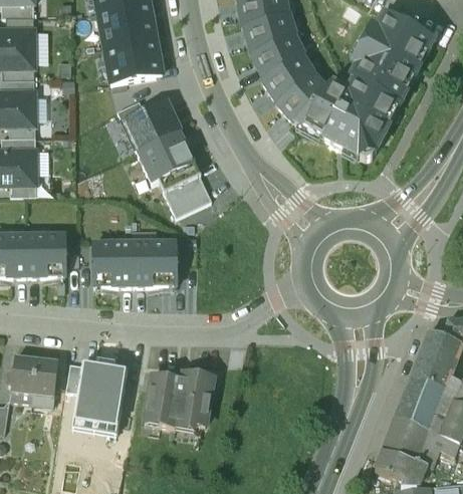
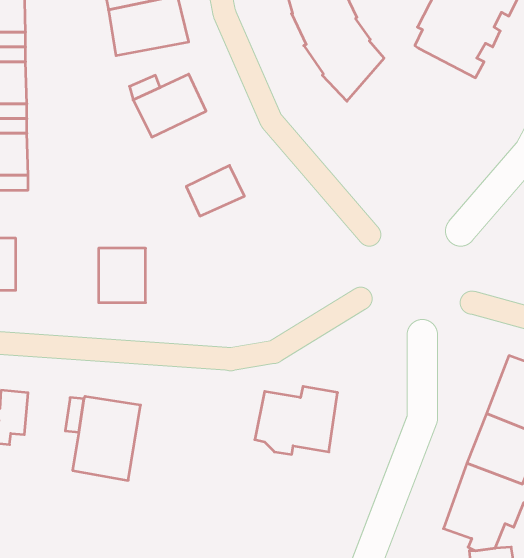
building: [295,78,400,158] -> none
building: [137,130,201,191] -> none
building: [26,233,65,275] -> none
building: [132,240,176,285] -> none
building: [33,358,62,404] -> none
building: [146,372,213,427] -> [255,386,338,454]

